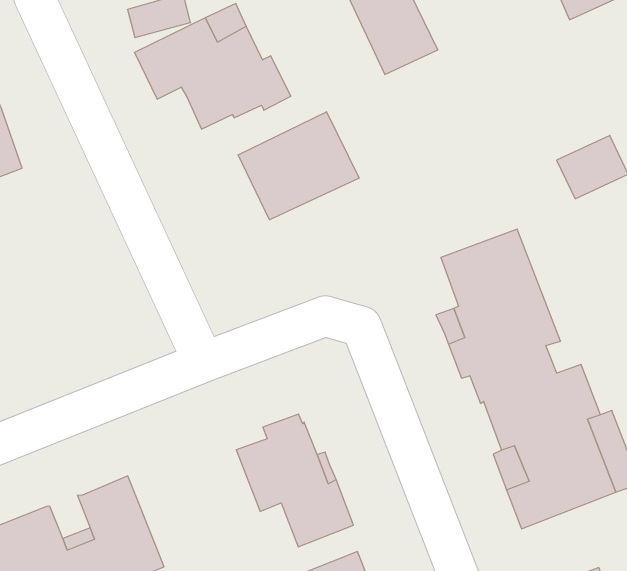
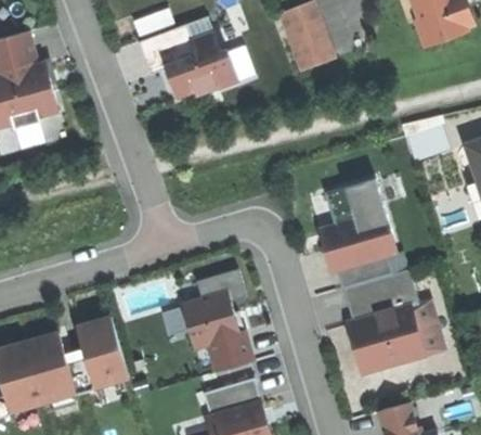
building: [238,112,359,220] -> none

